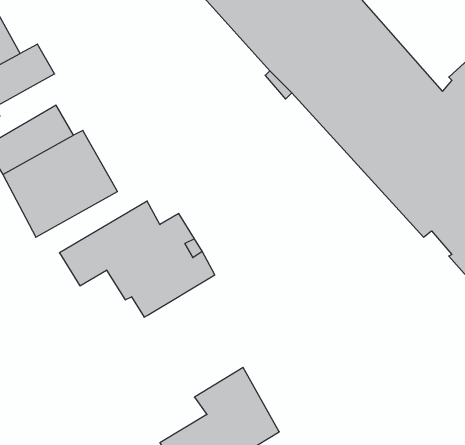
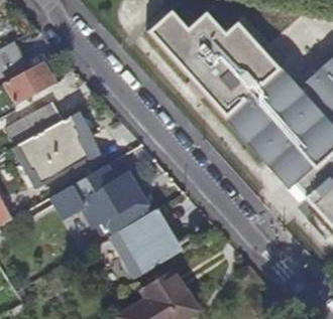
building: none -> [111,209,180,276]

